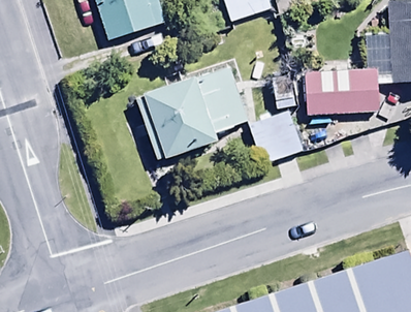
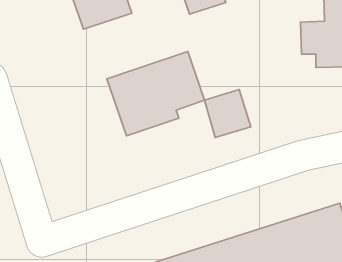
building: [304,69,380,116] -> none

